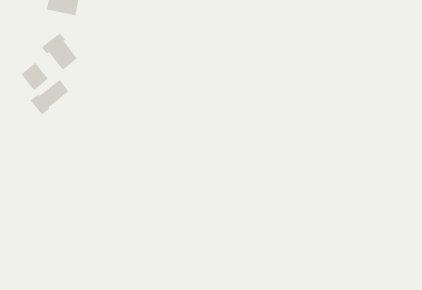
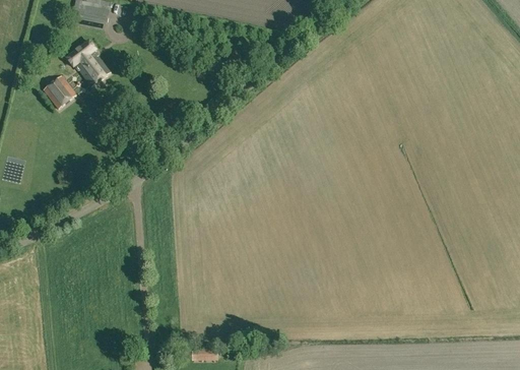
building: [30,79,69,115] -> none

